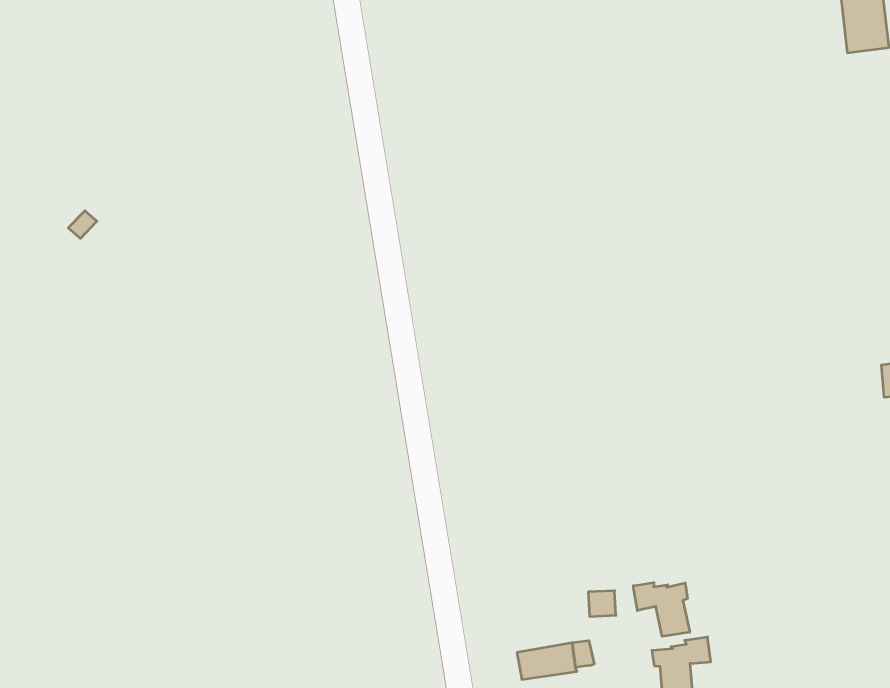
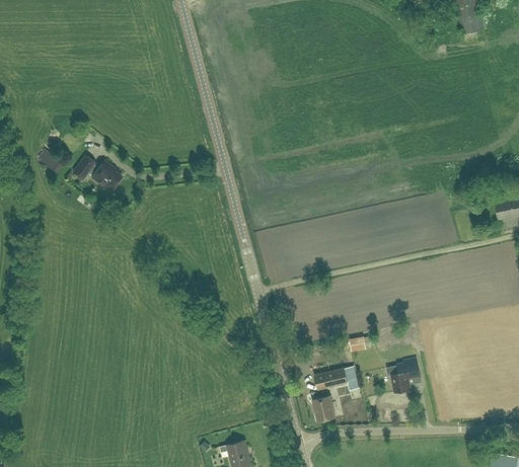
building: none -> [74,156,123,191]
building: [633,583,690,636] -> none

